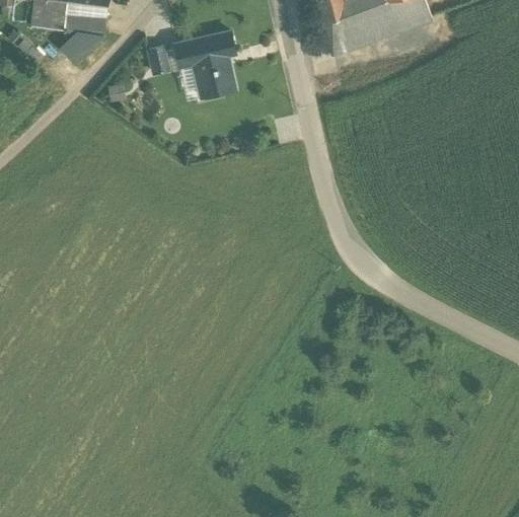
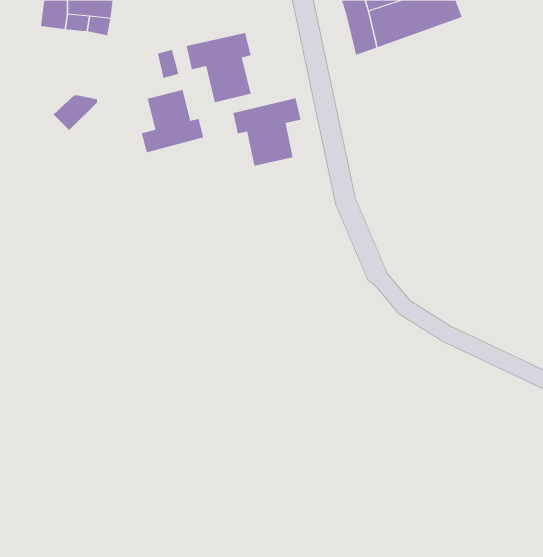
building: [61,29,102,63] -> [53,95,98,131]
building: none -> [141,89,204,153]
building: none -> [233,98,301,166]

